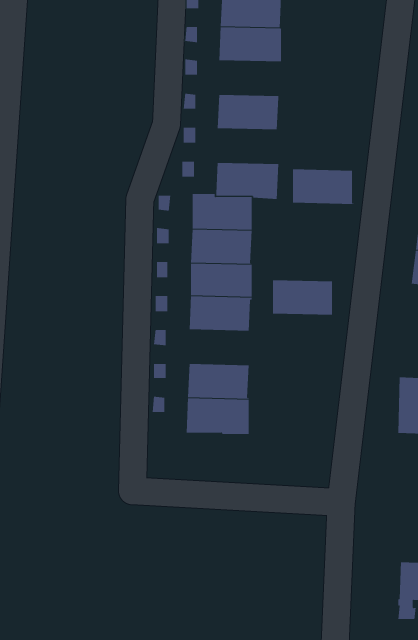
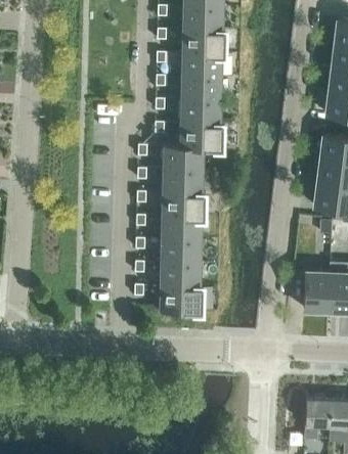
building: none -> [180,51,224,76]
building: [292,169,354,204] -> [179,98,222,123]
building: [272,280,333,315] -> [160,237,202,262]

